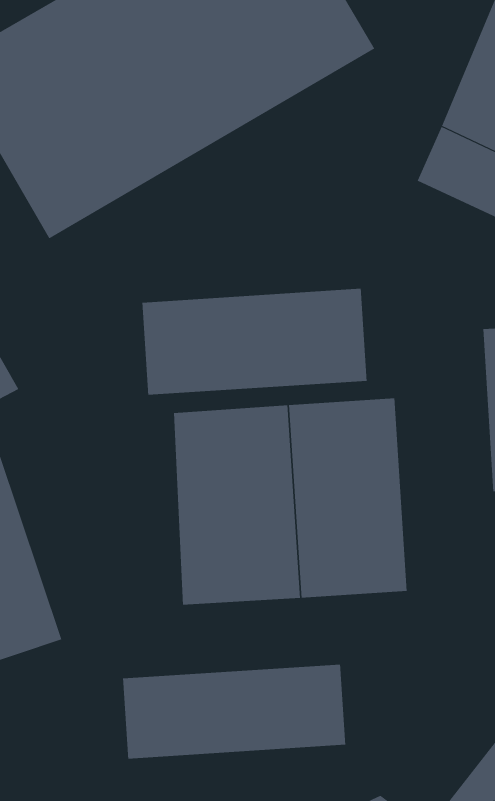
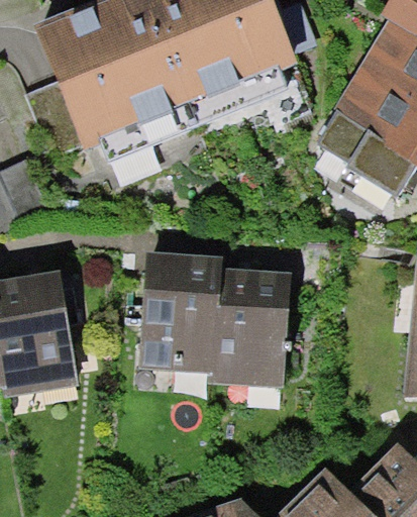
building: [142,288,367,396] -> none
building: [123,664,346,759] -> none

